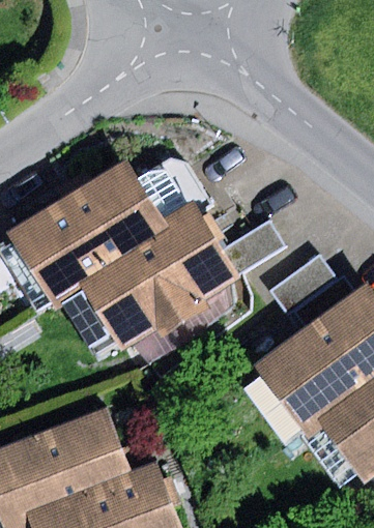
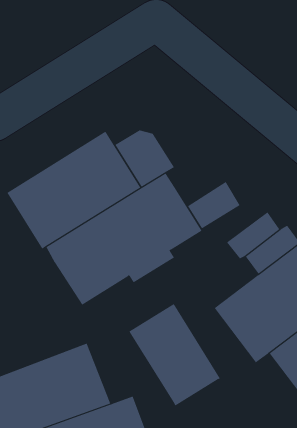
building: none -> [129,303,220,407]

